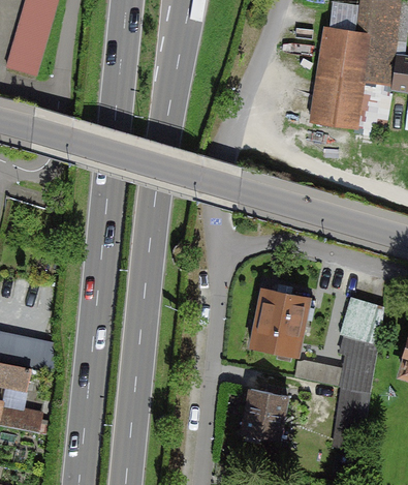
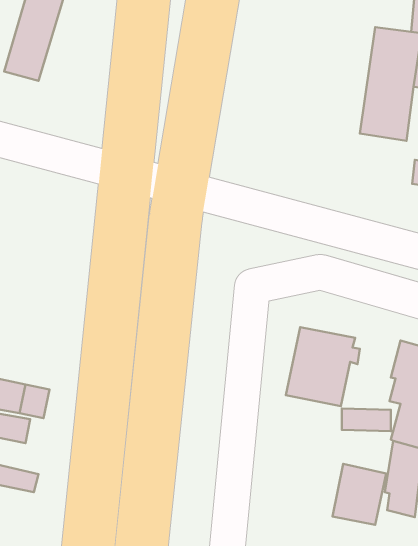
building: [242,389,288,442] -> [332,464,386,525]

